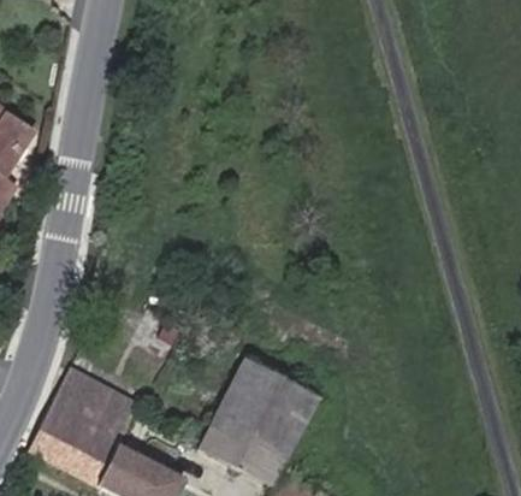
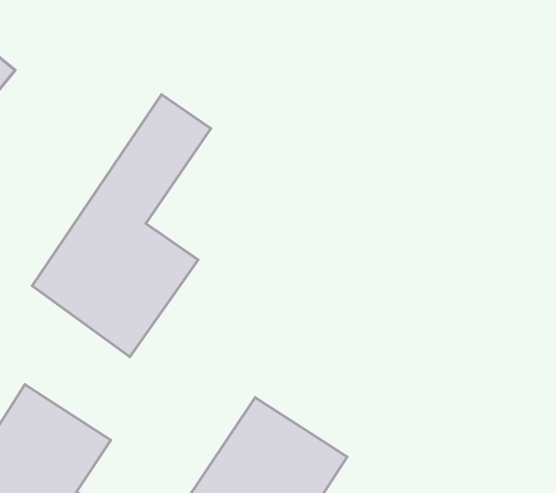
building: none -> [32,94,211,357]

